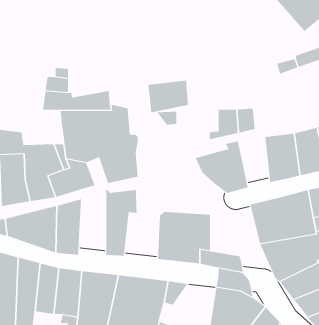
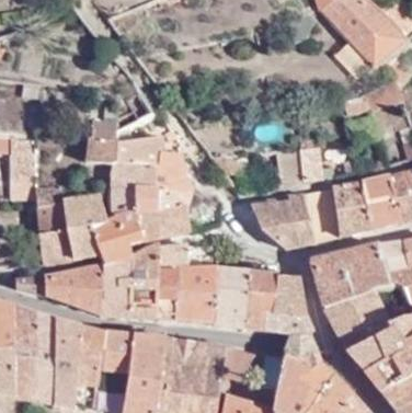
building: [148,80,189,113] -> none
building: none -> [302,186,336,242]
building: none -> [176,241,220,321]
building: none -> [126,244,156,317]
building: none -> [272,272,305,318]

